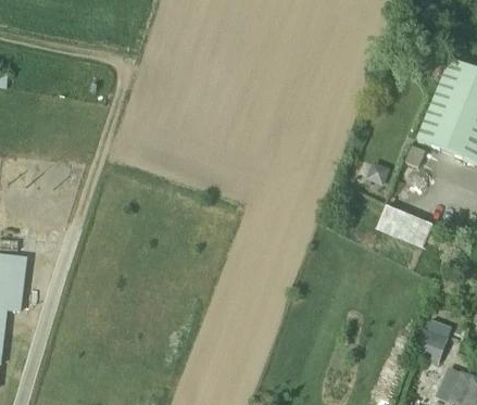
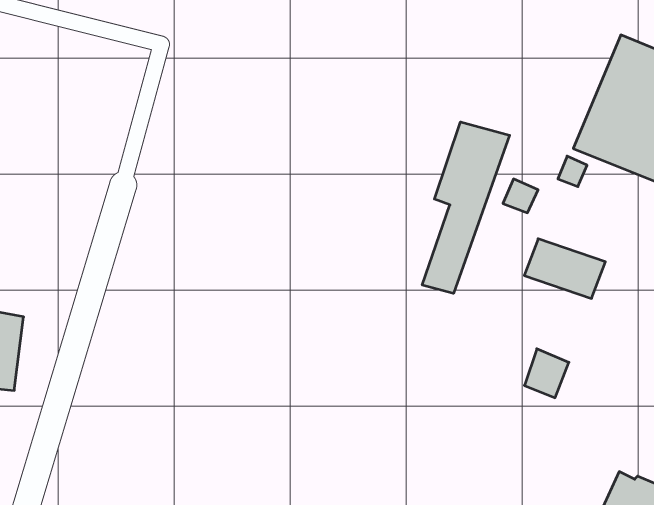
building: none -> [422,122,510,293]
building: [416,328,448,363] -> [524,349,569,398]

